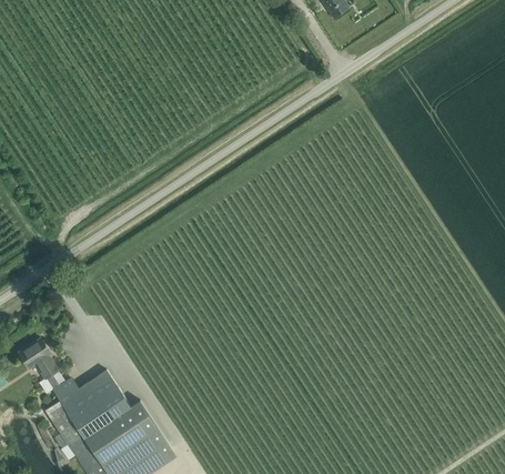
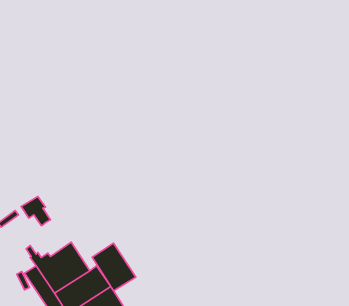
building: [20,340,59,379] -> [21,196,50,226]
building: none -> [92,243,136,291]

